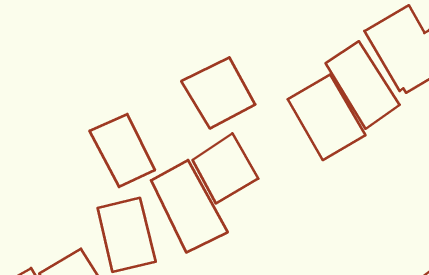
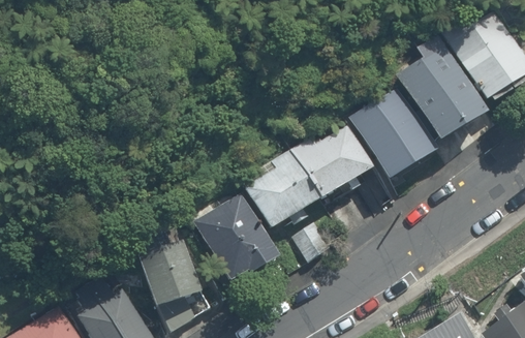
building: [181,57,255,128] -> [291,120,374,199]
building: [90,114,155,187] -> none

